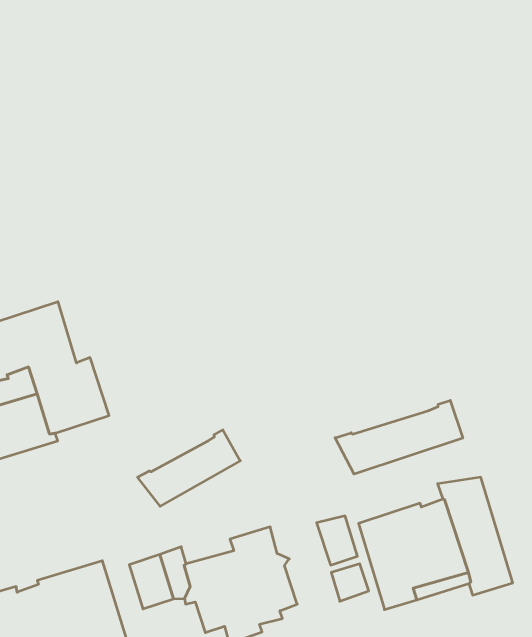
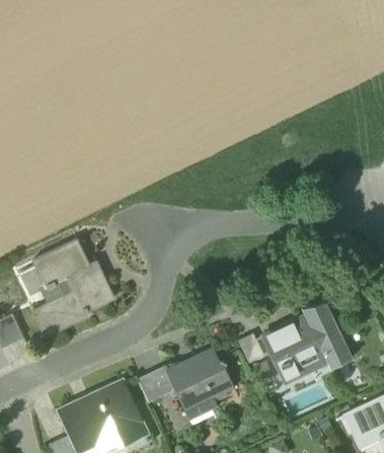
building: [335,400,463,474] -> none
building: [138,430,240,506] -> none

